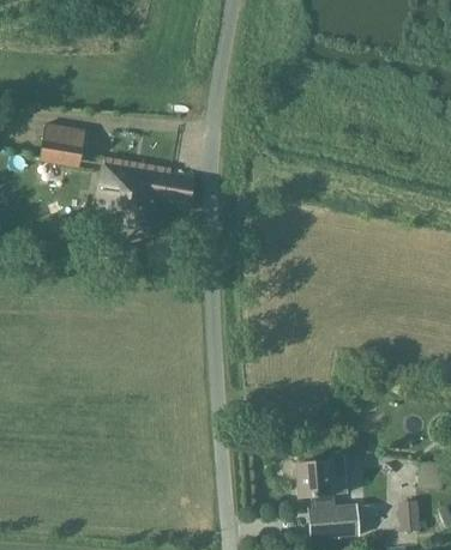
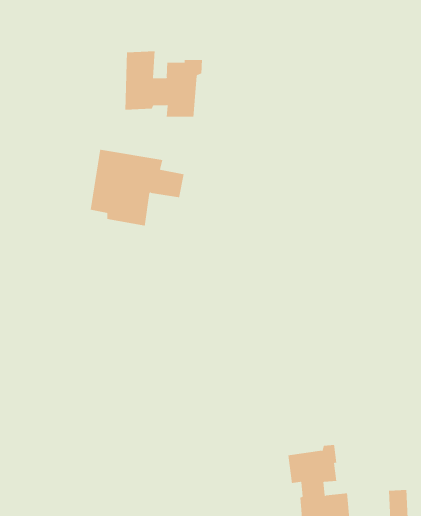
building: none -> [125,51,202,118]
building: [38,121,86,167] -> none

